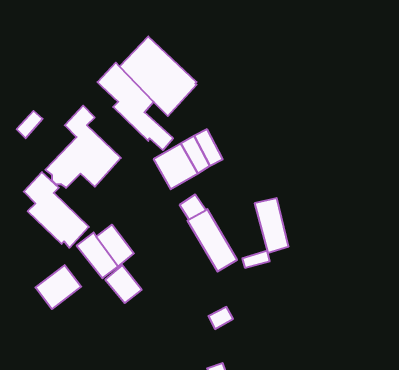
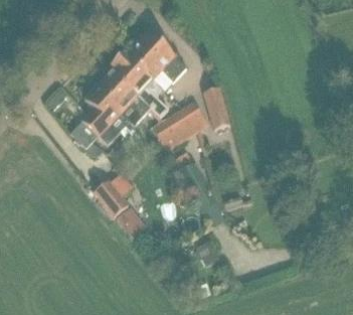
building: [24,172,89,248] -> [98,68,148,127]
building: [255,198,289,253] -> [202,89,228,131]
building: [35,265,81,309] -> none

